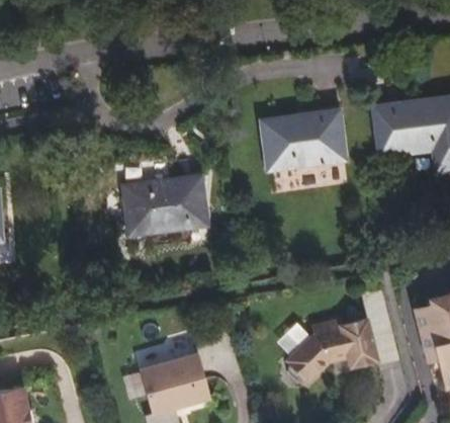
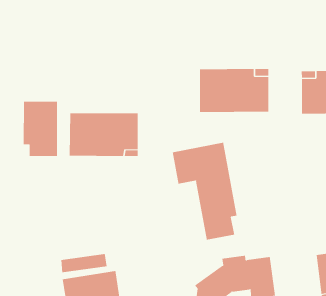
building: none -> [23,101,58,157]
building: none -> [172,142,237,241]

